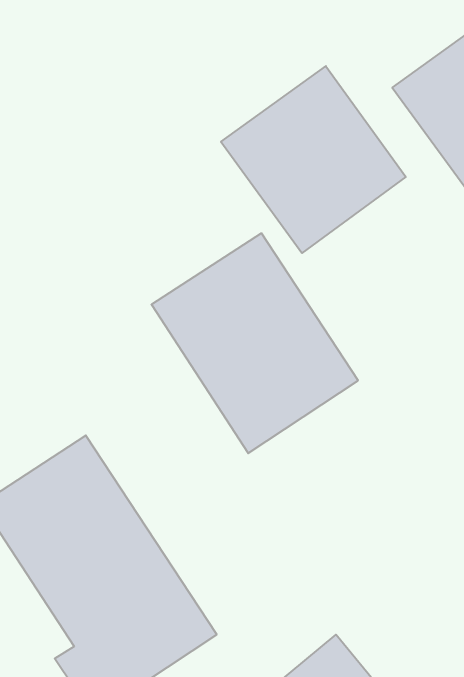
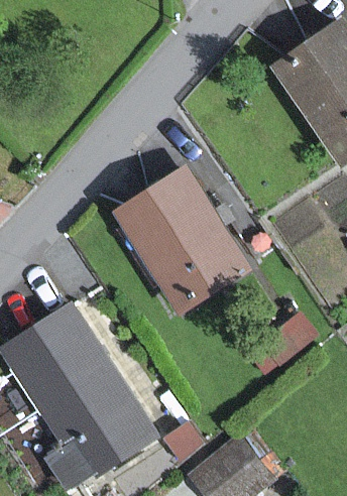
building: [221,66,406,253] -> none

